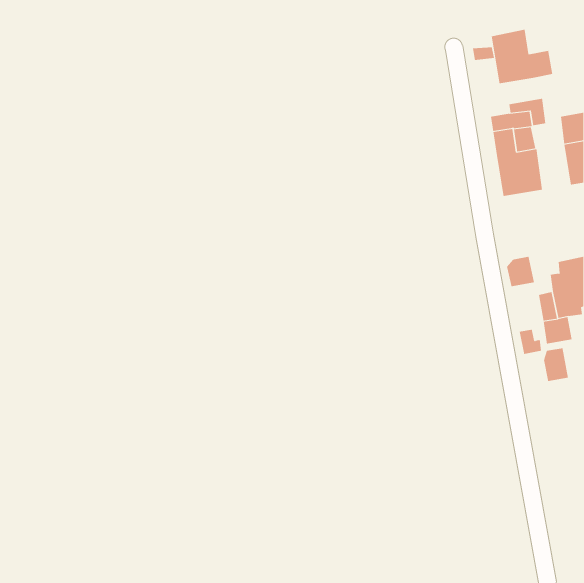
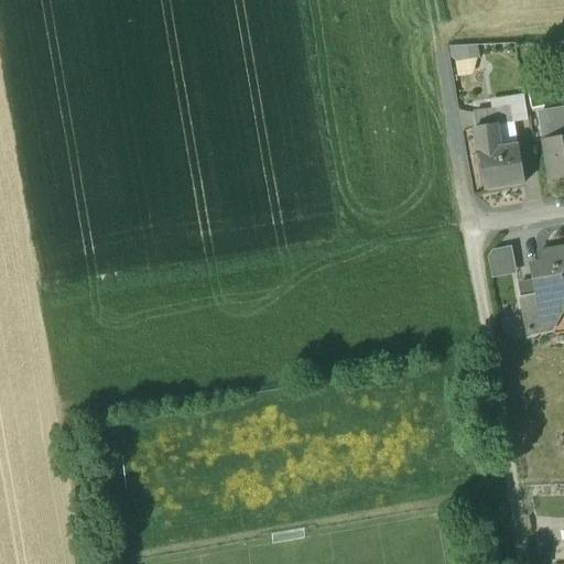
building: [491,29,553,84] -> none
building: [544,347,569,382] -> none

